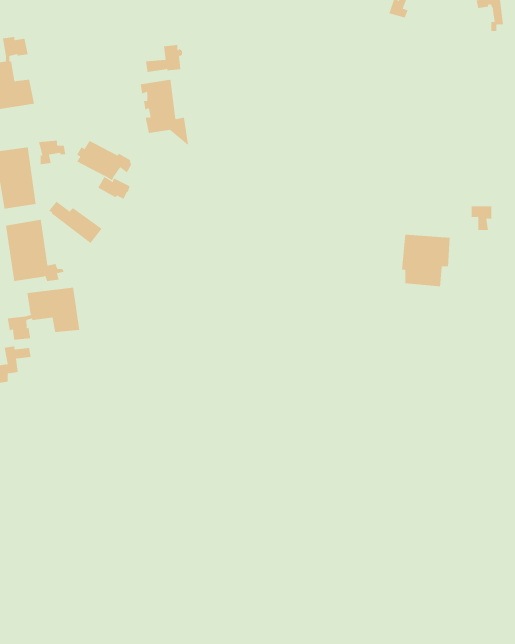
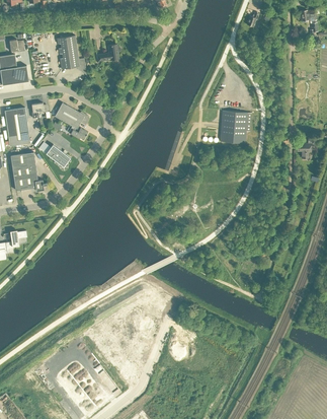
building: [140,79,189,147] -> [56,34,86,76]
building: [401,234,451,287] -> [220,111,250,143]
building: [7,287,80,340] -> none

